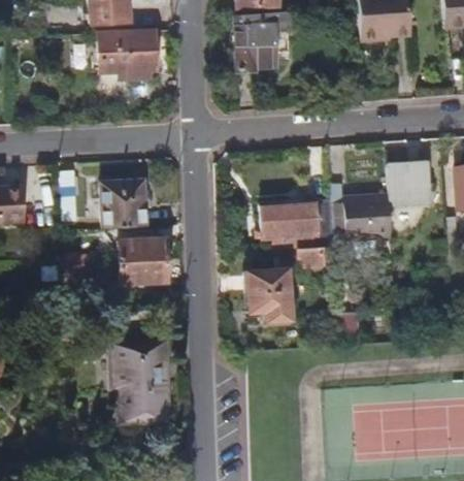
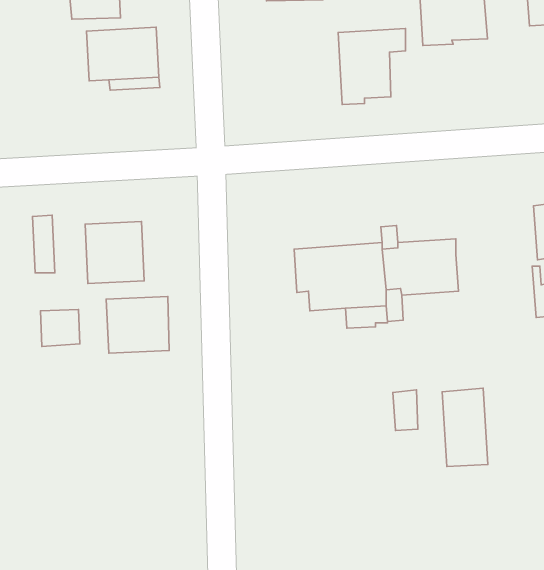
building: [237,12,290,72] -> [338,28,405,105]
building: [387,165,431,206] -> none
building: [248,270,292,322] -> none
building: none -> [442,388,488,467]
building: [110,345,166,421] -> none

